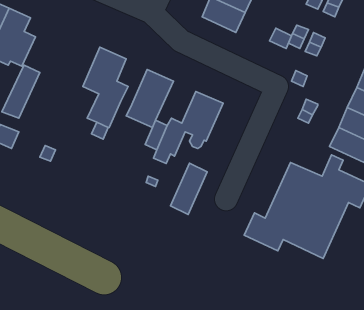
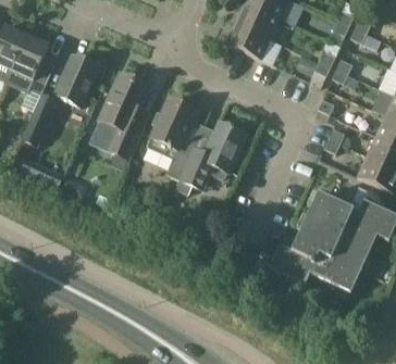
building: none -> [53,53,97,104]
building: [171,163,207,215] -> none

